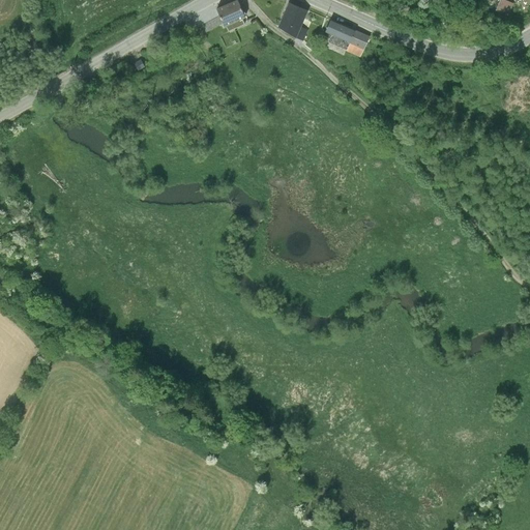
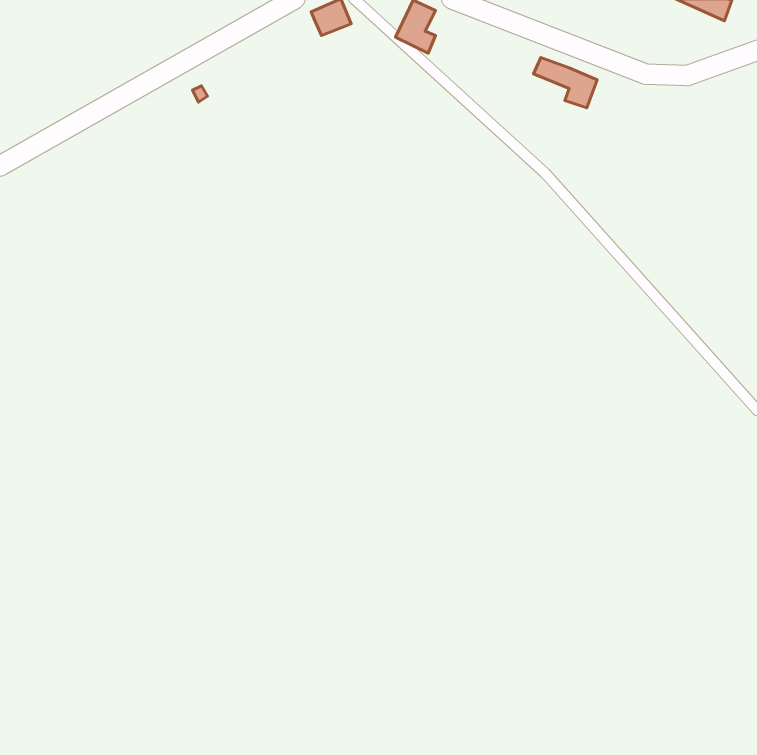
building: [324,20,369,55] -> [534,58,597,108]

